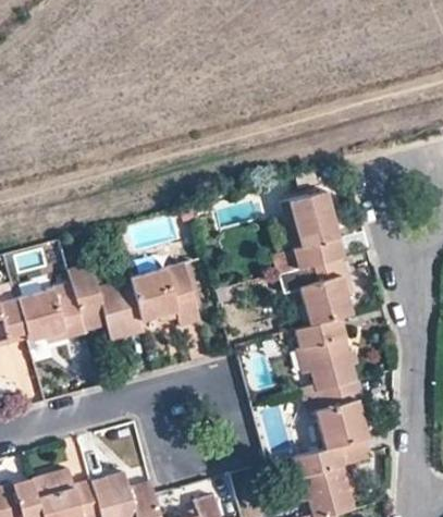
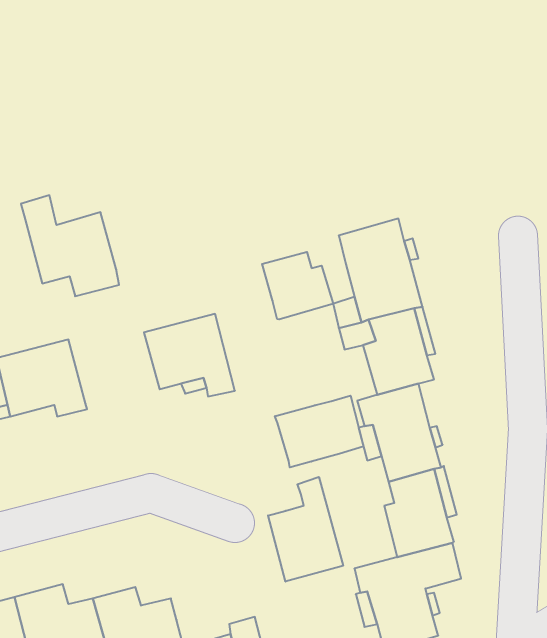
building: none -> [262,252,333,319]
building: [69,264,144,342] -> [21,195,119,296]
building: none -> [275,396,364,467]
building: none -> [268,477,343,582]

